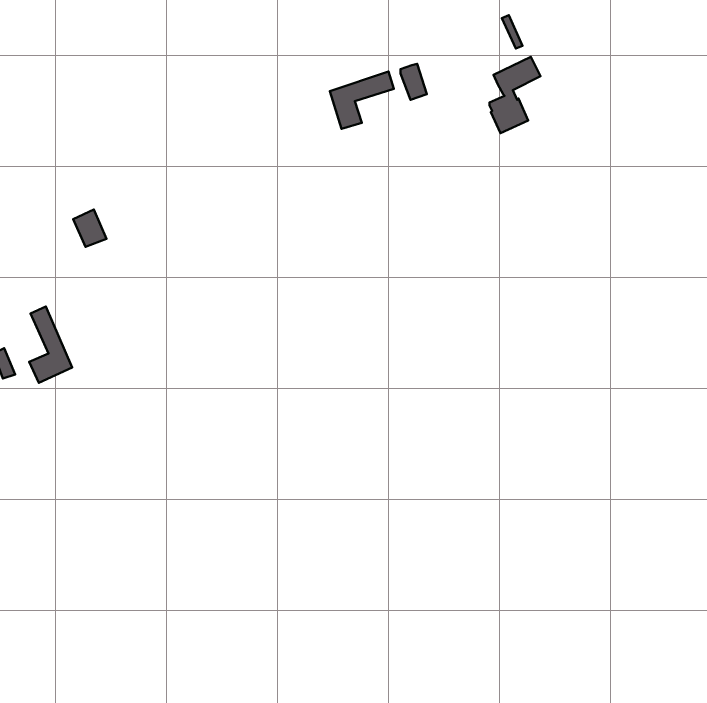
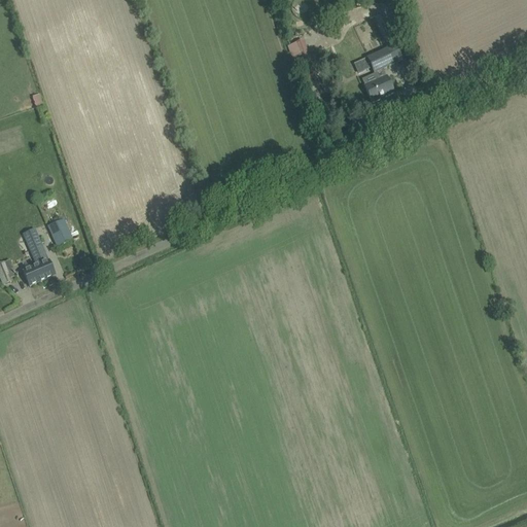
building: [330,72,394,129] -> none
building: [73,210,106,247] -> [47,216,72,244]

